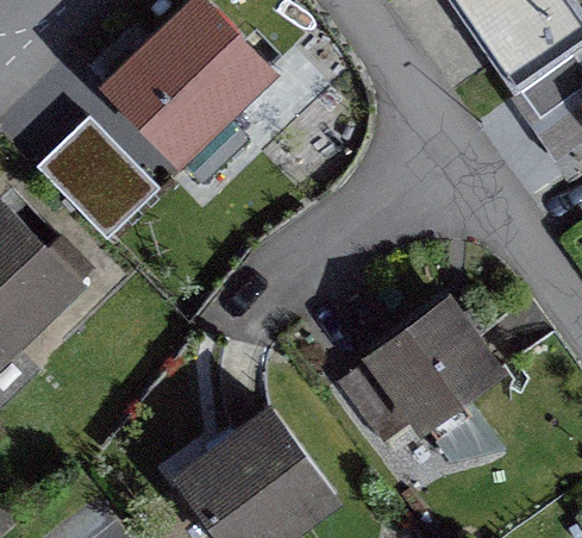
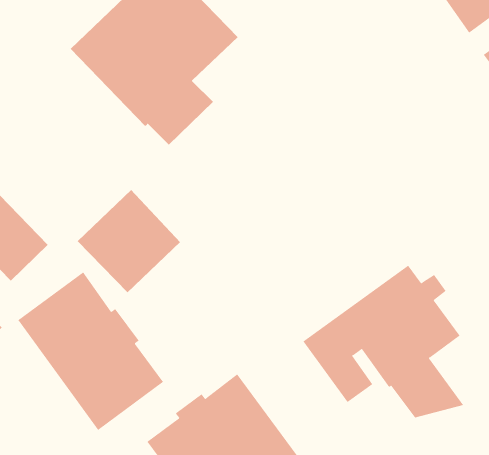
building: [39,113,144,218] -> [77,189,181,293]
building: none -> [17,271,164,431]

